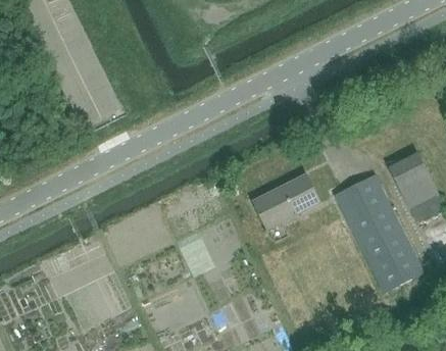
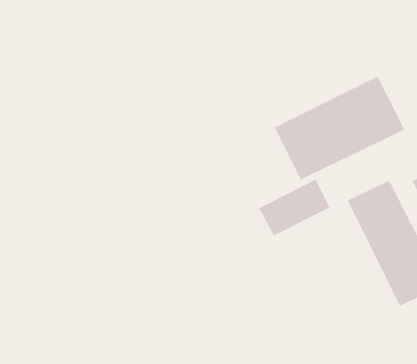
building: none -> [274,76,406,181]

